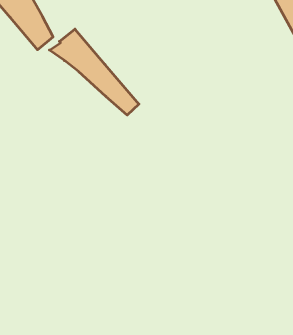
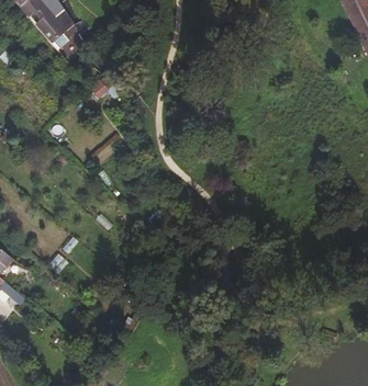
building: [49,29,139,115] -> none

